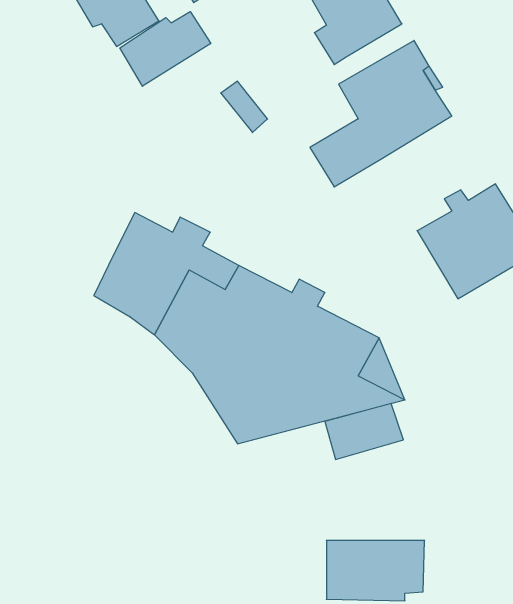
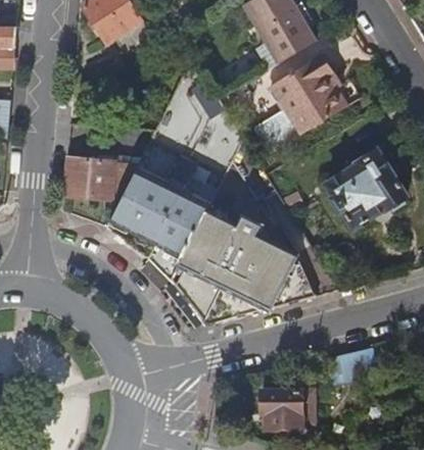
building: [120,12,211,86] -> none
building: none -> [63,152,140,197]
building: [325,403,403,459] -> [329,344,382,382]

